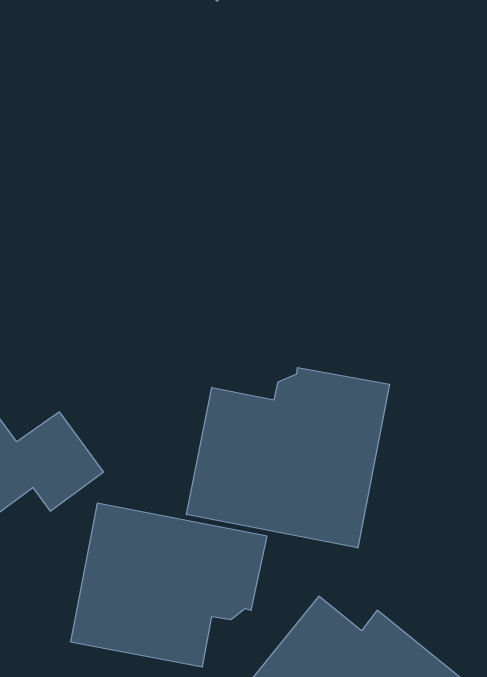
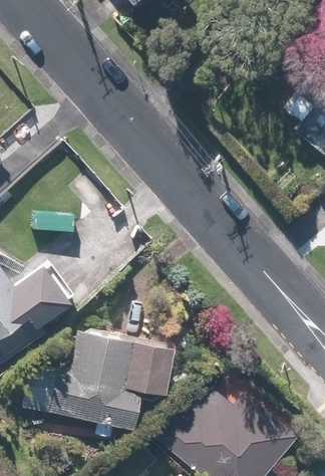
building: [187,368,390,548] -> none

